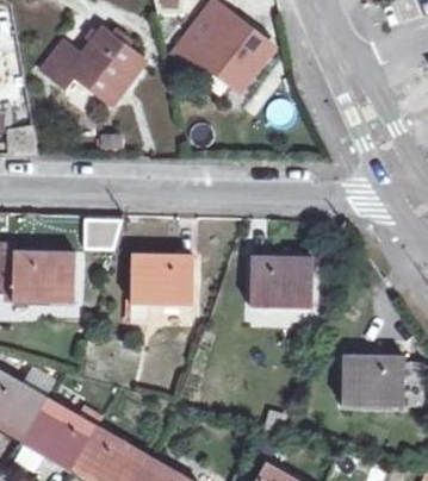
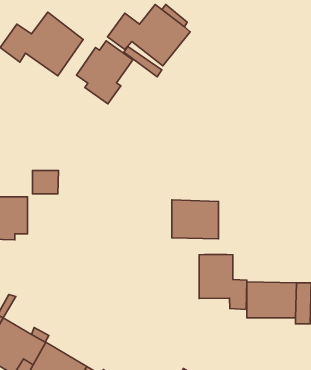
building: none -> [77,41,133,104]
building: [130,254,192,321] -> none
building: none -> [199,254,247,309]

